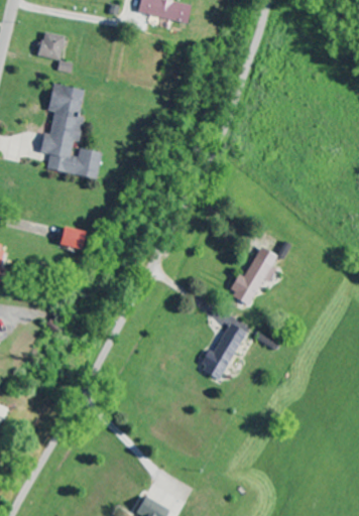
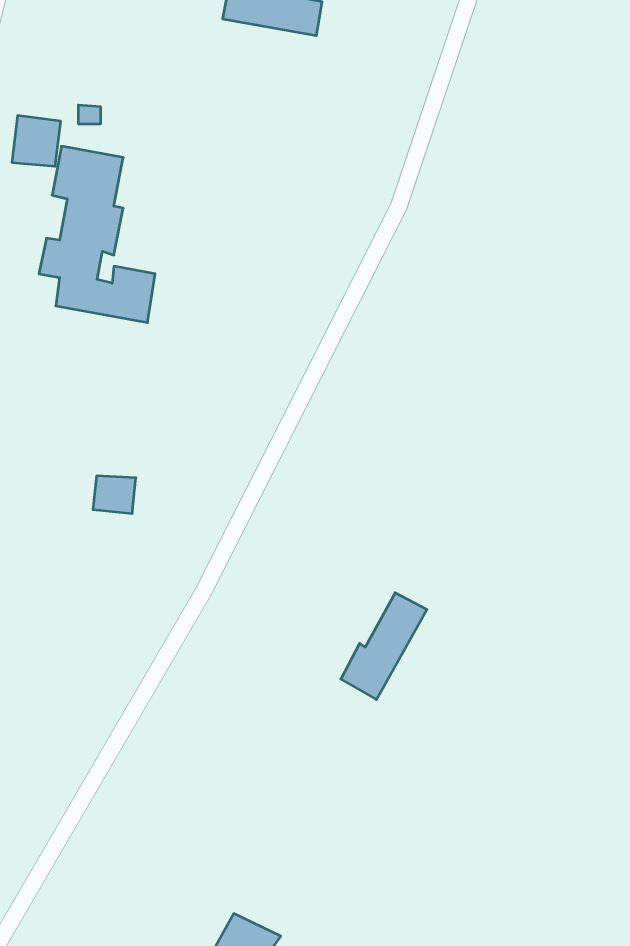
building: [38,31,65,58] -> [12,116,61,166]
building: [57,227,81,247] -> [93,476,136,513]
building: [230,246,277,304] -> none

